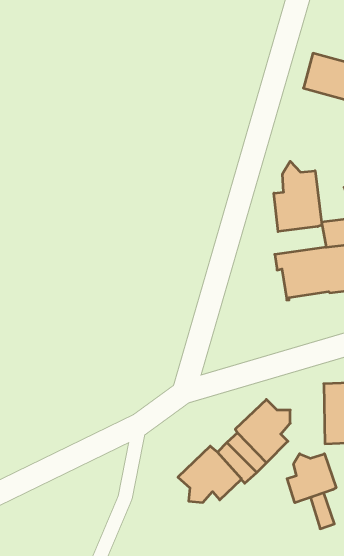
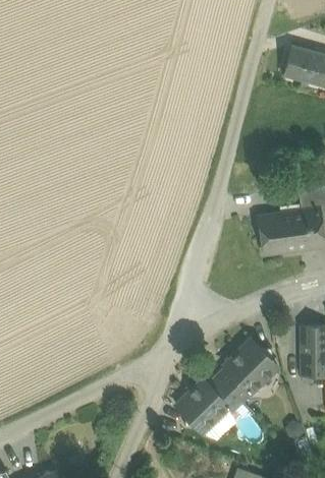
building: [274,161,322,232] -> none
building: [287,454,336,503] -> none

